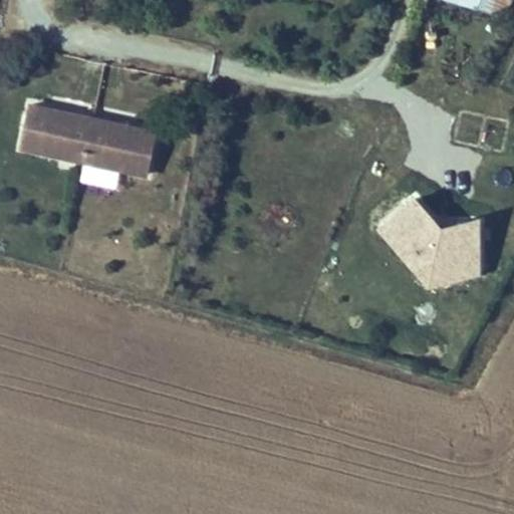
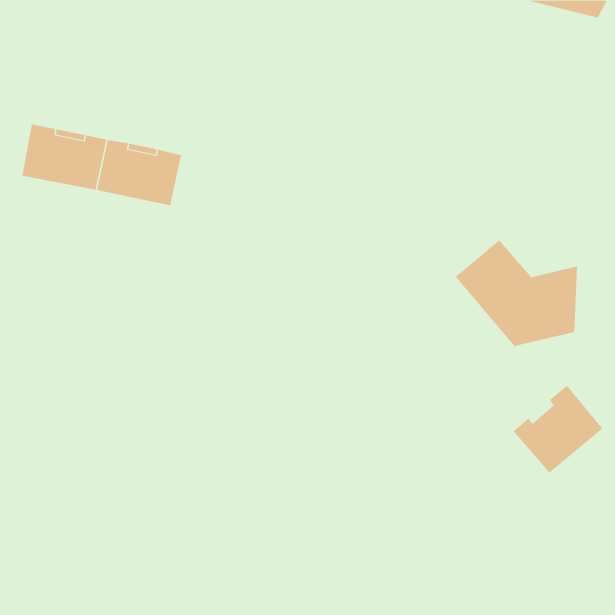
building: none -> [513,385,603,474]

